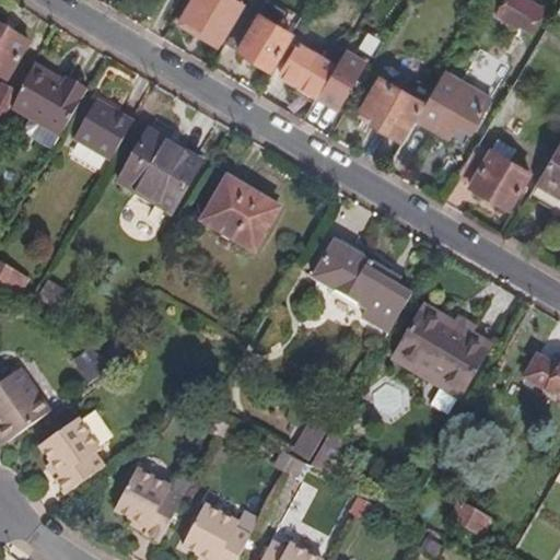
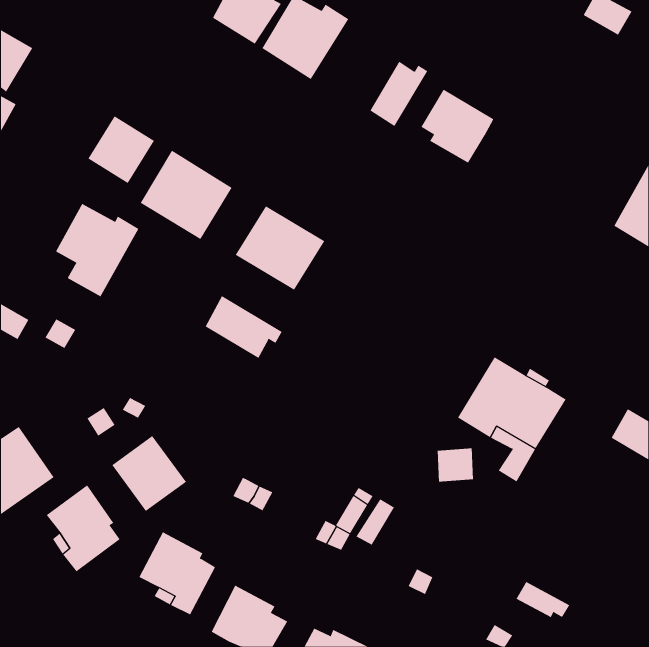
building: [281,40,346,95] -> none
building: [10,67,82,148] -> [55,203,139,297]
building: [418,69,491,136] -> none
building: [458,138,528,209] -> none
building: [312,240,409,332] -> none
building: none -> [205,295,283,359]
building: none -> [111,435,187,512]

